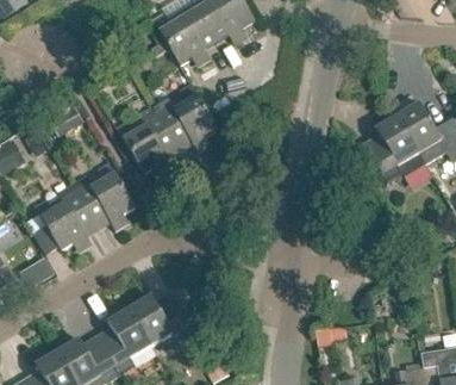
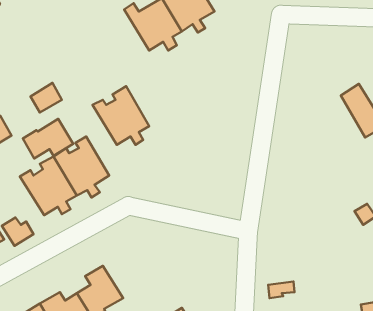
building: [155,83,218,151] -> none
building: [367,116,425,181] -> none
building: none -> [23,119,73,158]
building: [129,296,188,346] -> none

